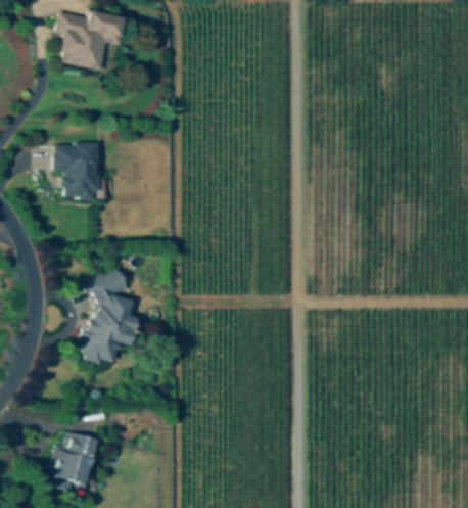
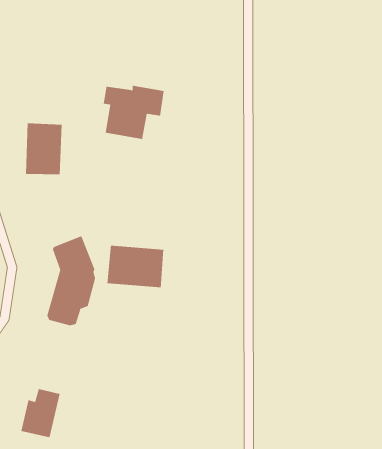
building: [58,12,126,72] -> [103,85,164,139]
building: none -> [107,245,164,288]

